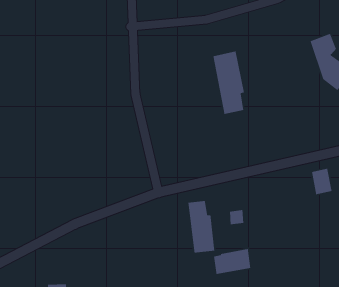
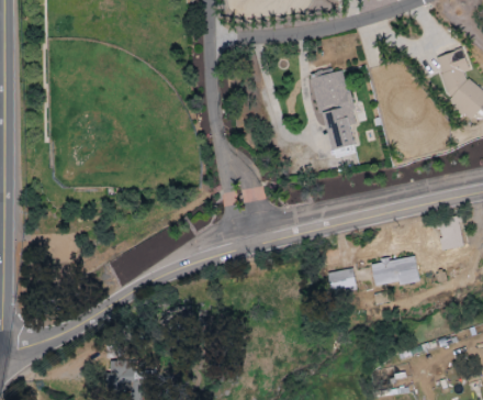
building: [187,200,215,253] -> none
building: [213,248,251,275] -> [372,254,419,287]

